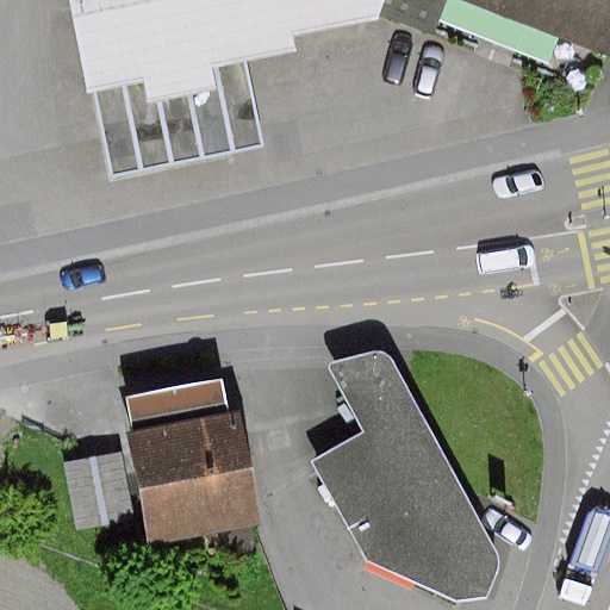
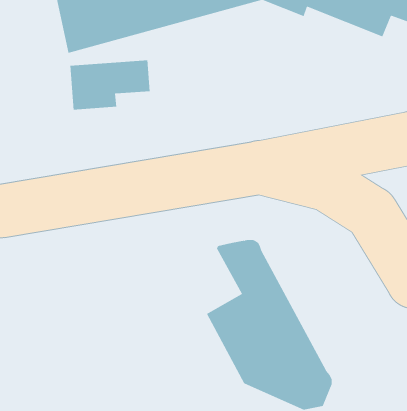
building: [62,374,259,539] -> none

